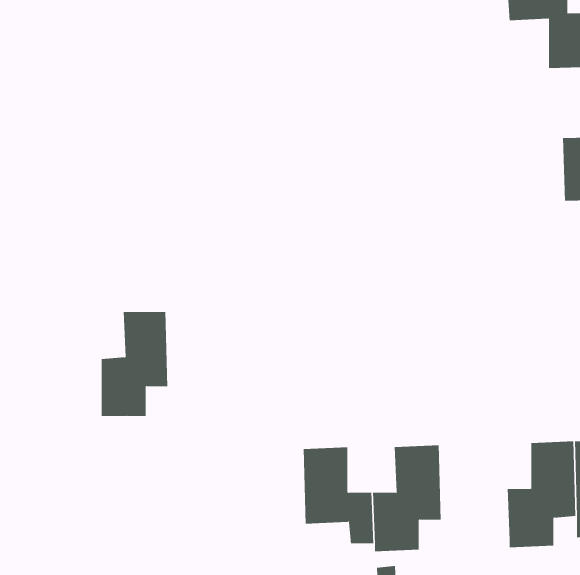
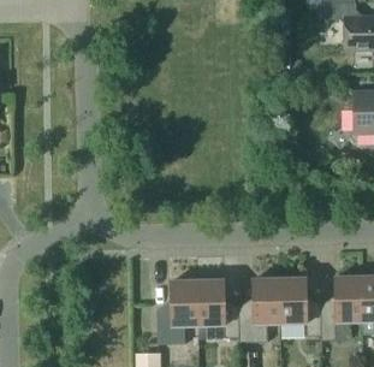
building: [101,311,168,416] -> [156,280,197,344]
building: none -> [279,278,321,336]

